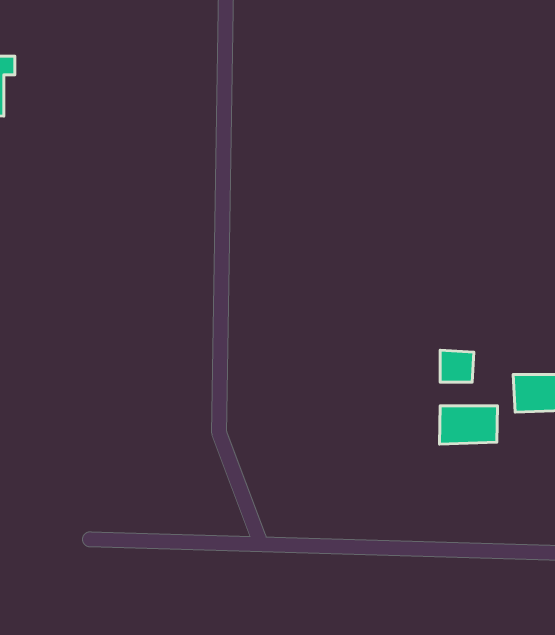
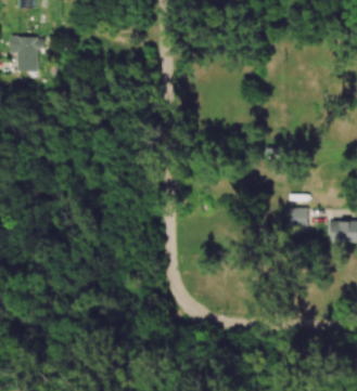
building: [439,406,497,444] -> none

